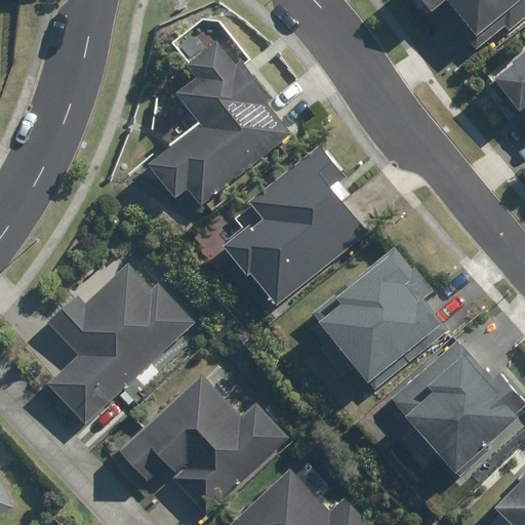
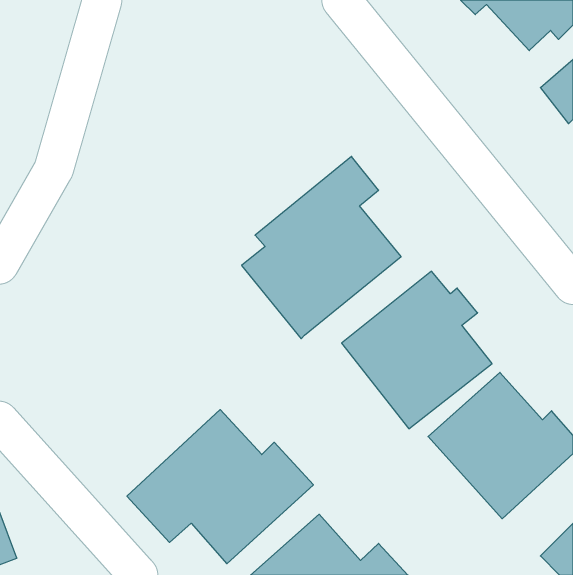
building: [148,41,289,205] -> none
building: [44,264,197,430] -> none

